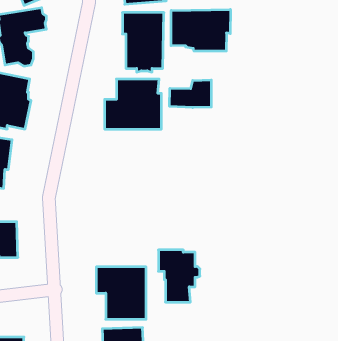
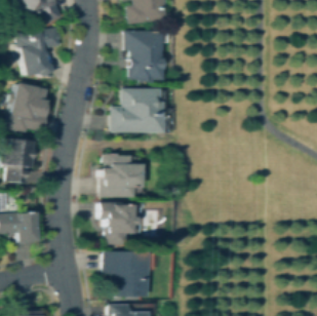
building: [171,9,230,51] -> none
building: [170,80,211,108] -> none
building: none -> [103,153,146,197]
building: [158,250,200,302] -> [102,201,137,246]

